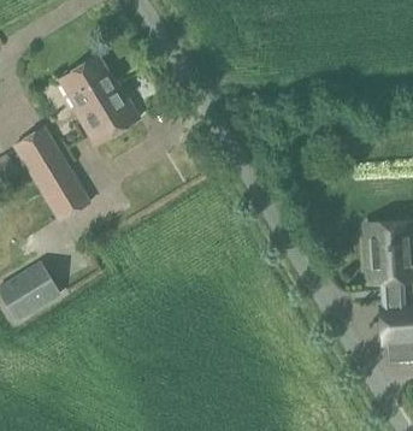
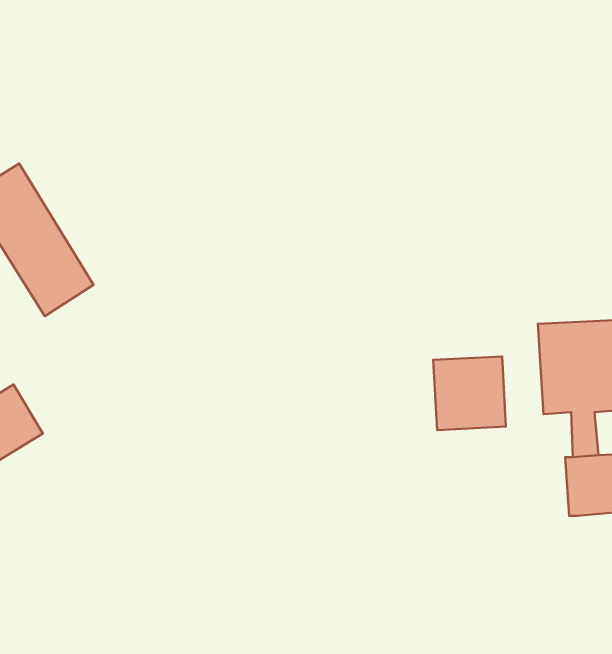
building: [58,55,140,143] -> none
building: none -> [433,356,506,430]

